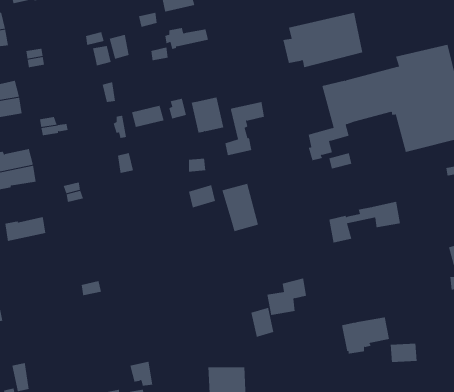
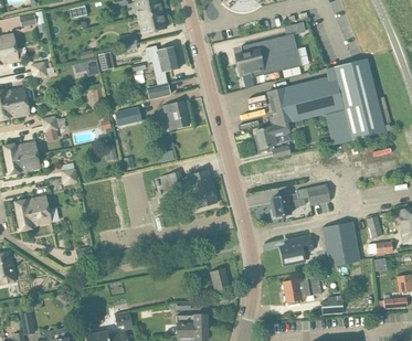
building: [224,102,265,156] -> [147,55,179,98]
building: none -> [17,209,51,231]
building: none -> [321,221,359,266]
building: [266,278,307,315] -> [279,234,311,264]

